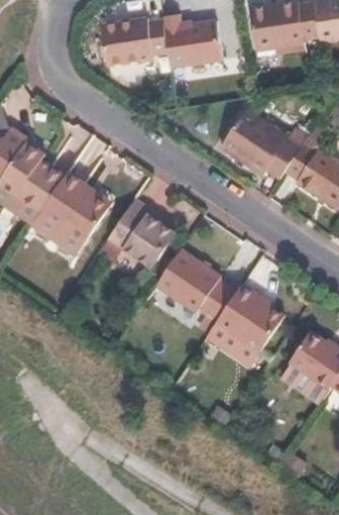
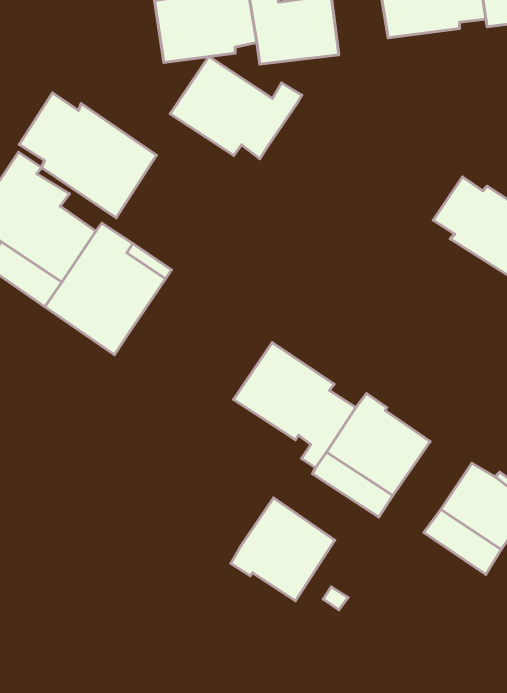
building: none -> [19,93,157,218]
building: [220,111,306,178] -> [170,57,302,159]
building: [107,198,176,267] -> none
building: none -> [231,498,335,601]

